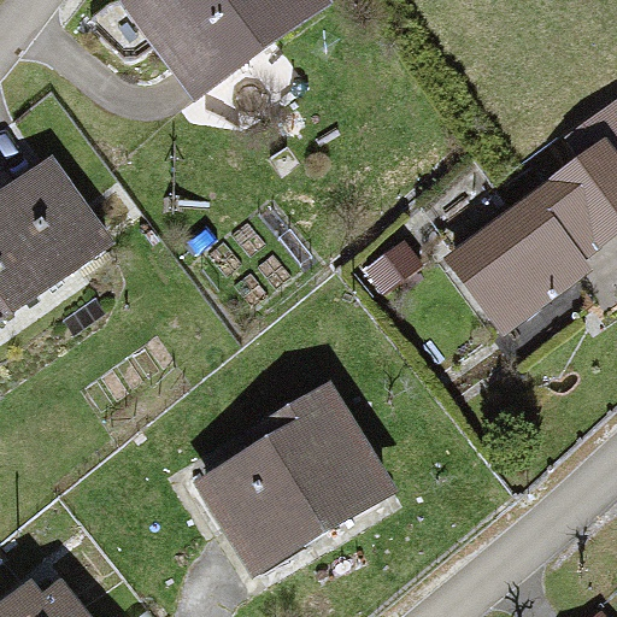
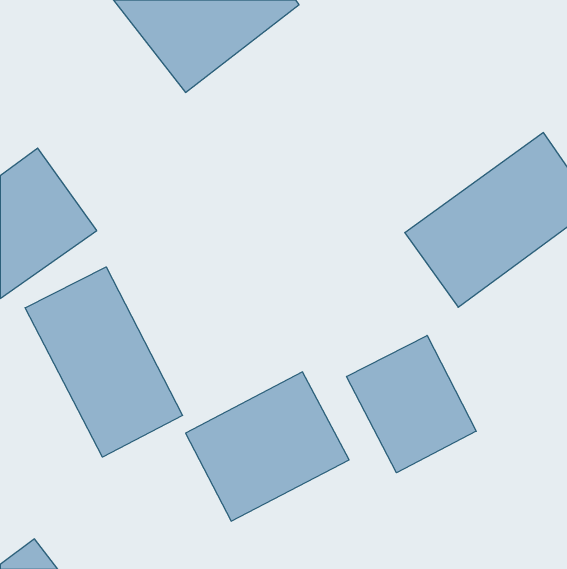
building: none -> [25,267,183,457]
building: none -> [347,335,476,473]

